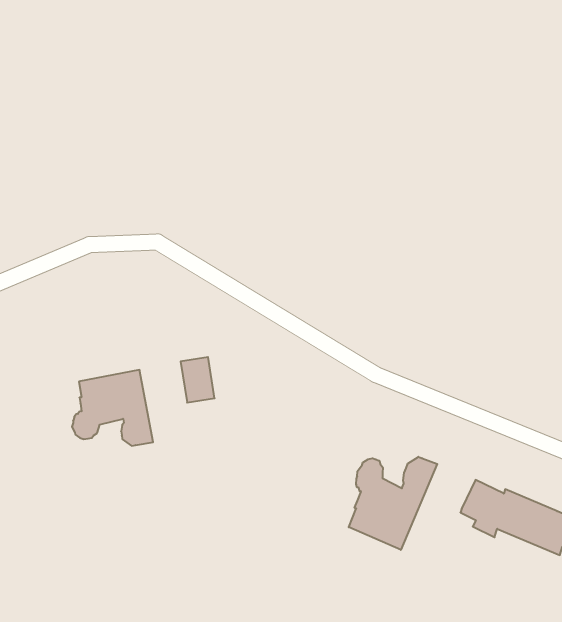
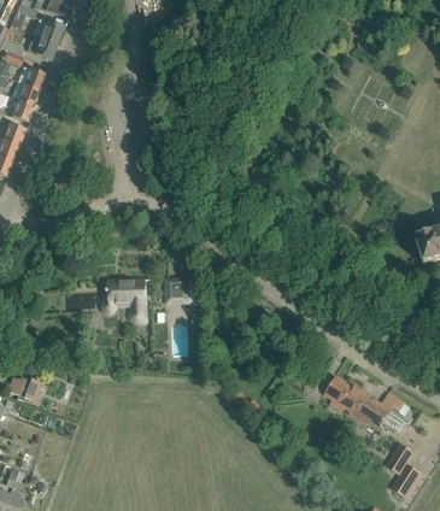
building: [349,457,437,550] -> none

